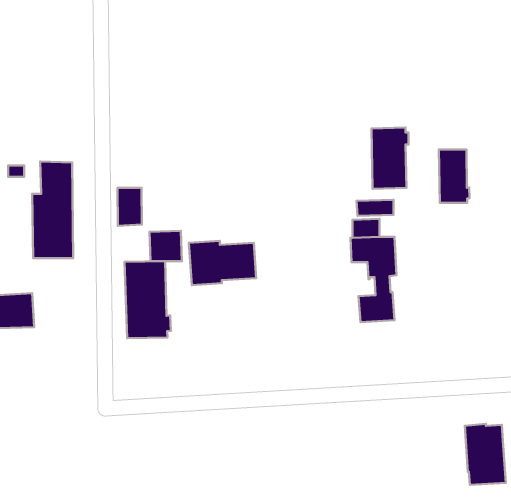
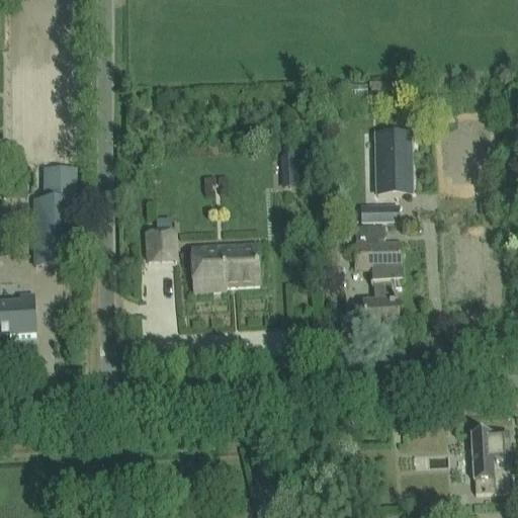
building: [439,149,470,203] -> none
building: [117,188,142,226] -> none
building: [125,261,171,338] -> none

